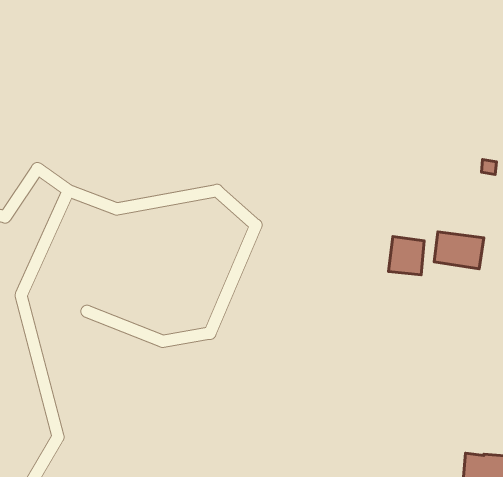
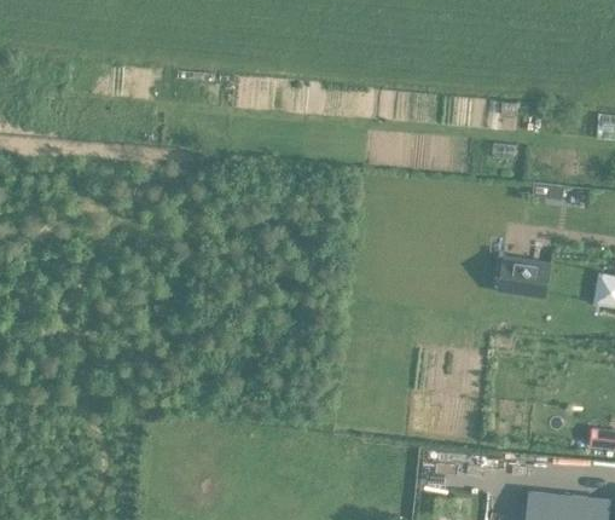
building: [388,237,424,275] -> none

